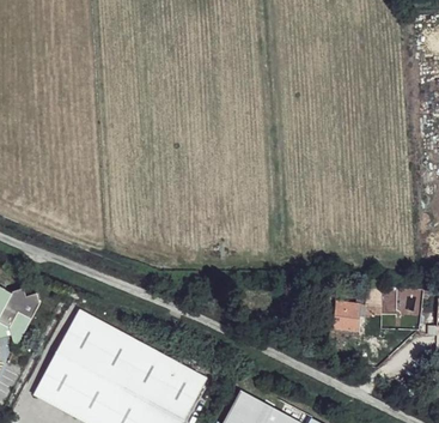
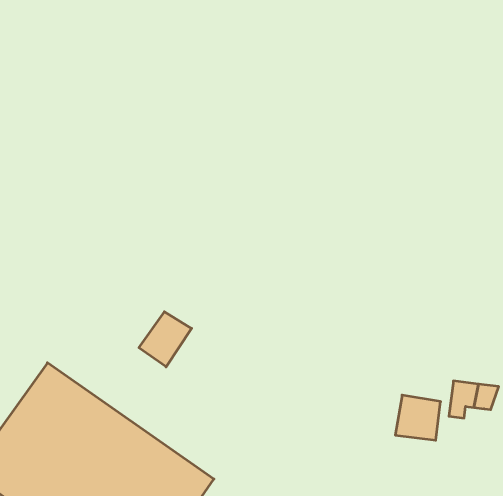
building: none -> [139,312,192,367]

